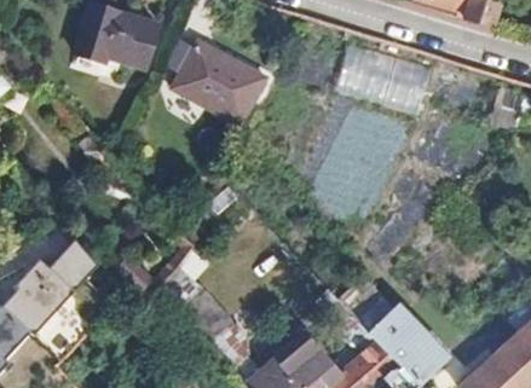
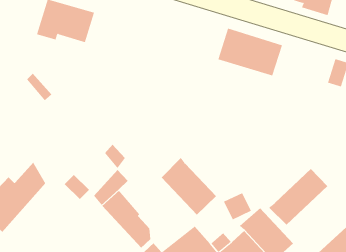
building: [171,40,266,123] -> none
building: none -> [161,157,217,215]
building: none -> [268,168,328,225]

